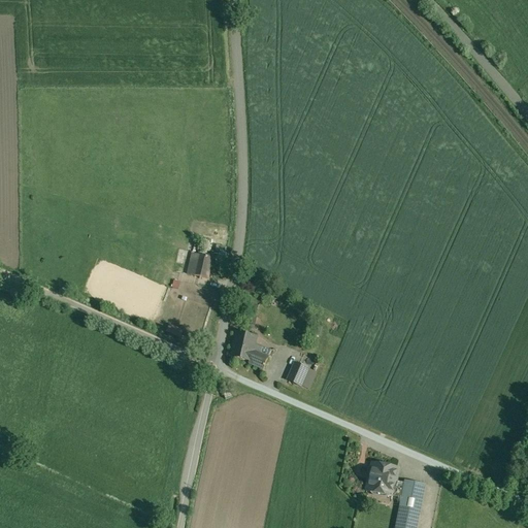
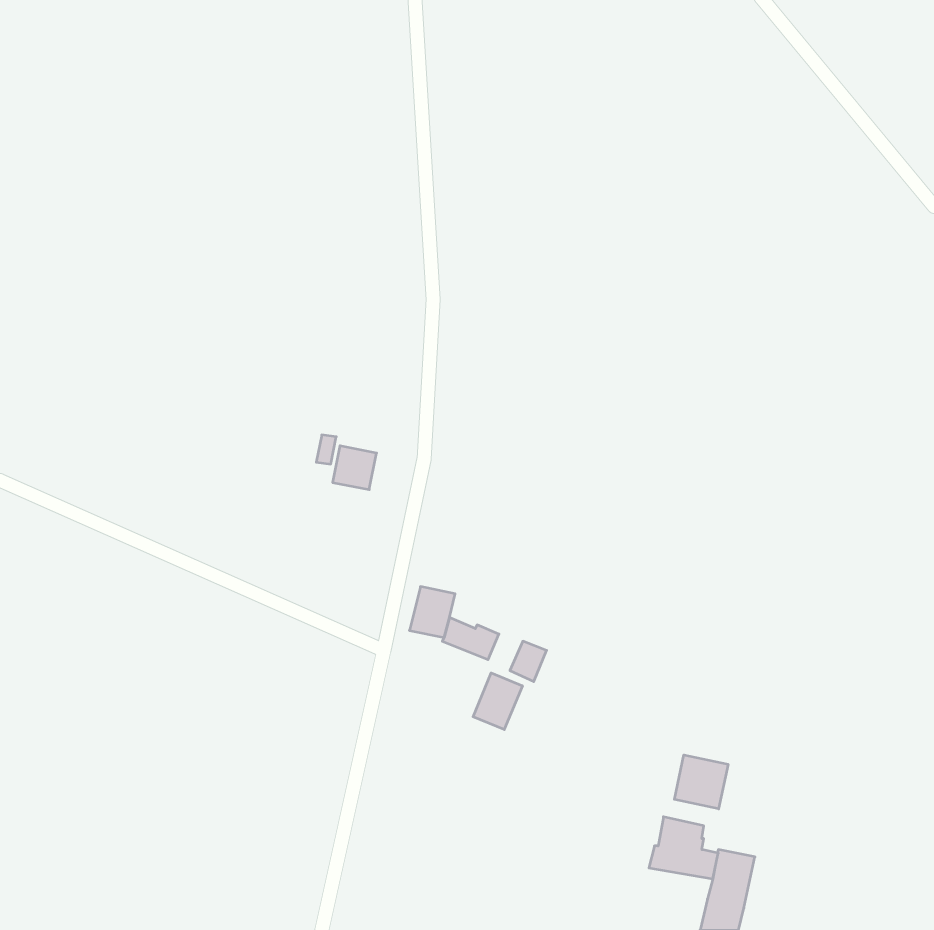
building: none -> [473,673,522,730]
building: none -> [674,755,728,809]

